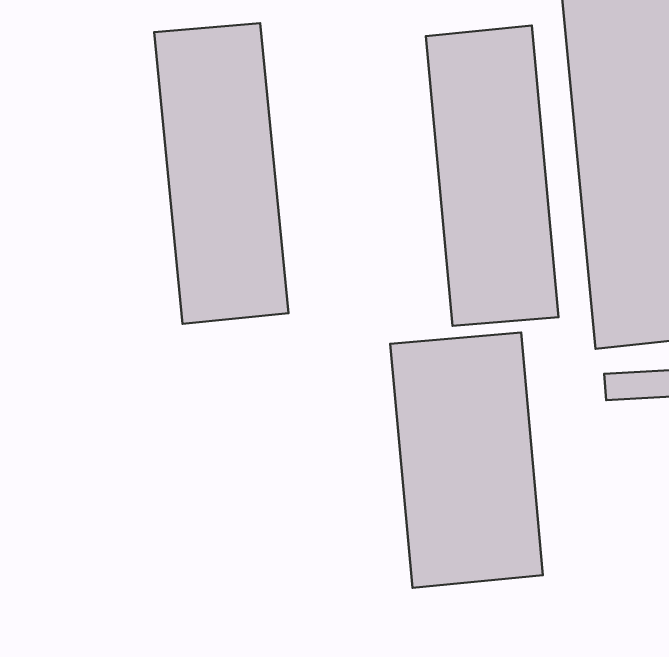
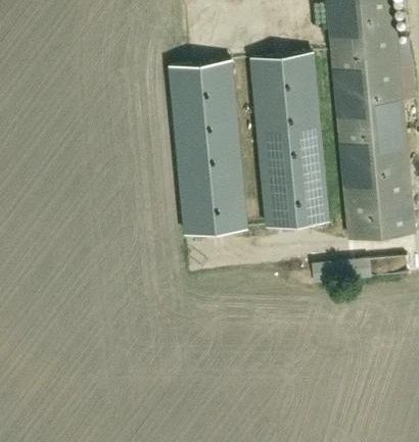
building: [154,23,288,324] -> [169,62,246,236]
building: [390,333,543,588] -> none

